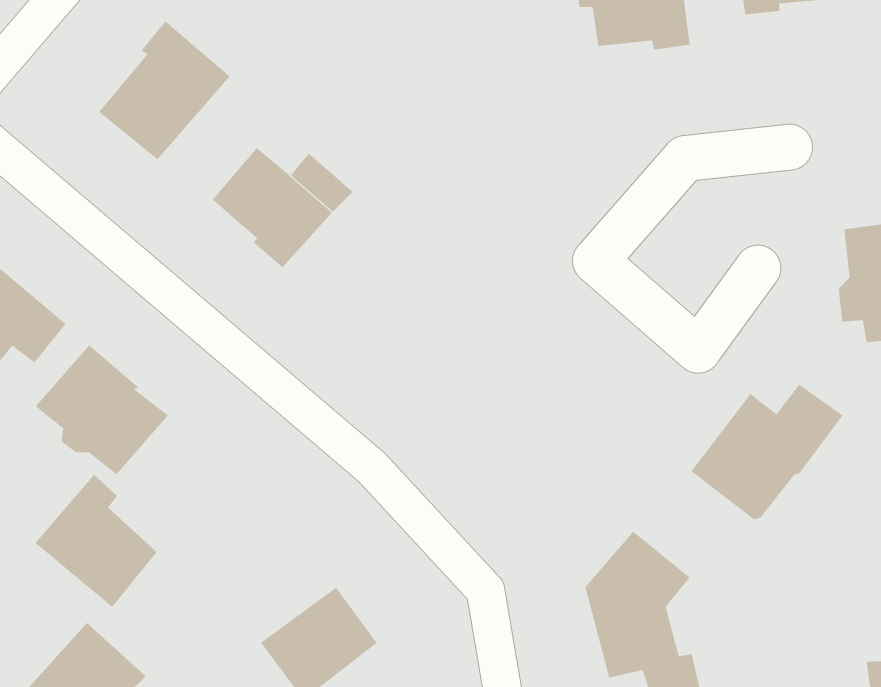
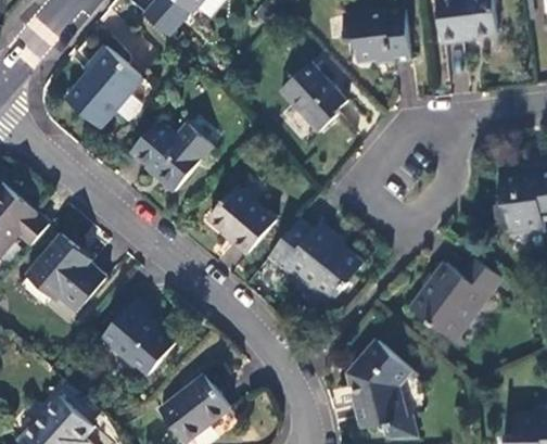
building: none -> [280,61,347,131]
building: none -> [208,186,277,253]
building: none -> [266,218,360,300]
building: [34,474,157,608] -> [101,297,173,376]

